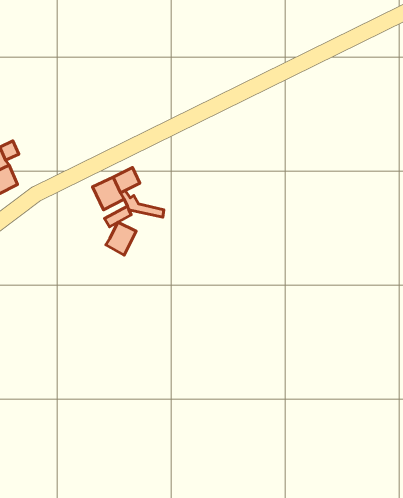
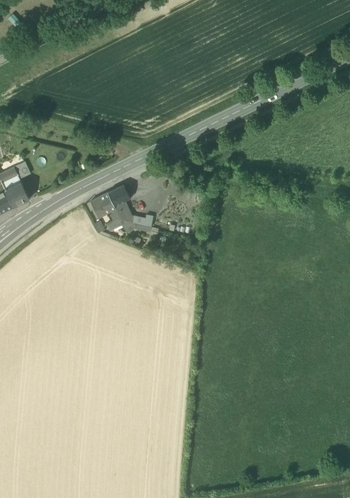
building: [106,222,136,255] -> none

